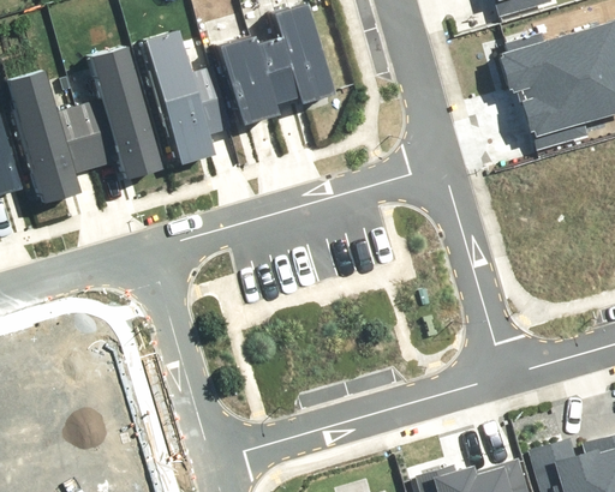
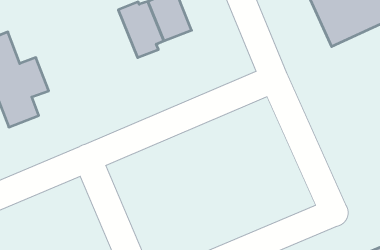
building: [145,29,223,162] -> none
building: [92,55,160,173] -> none

